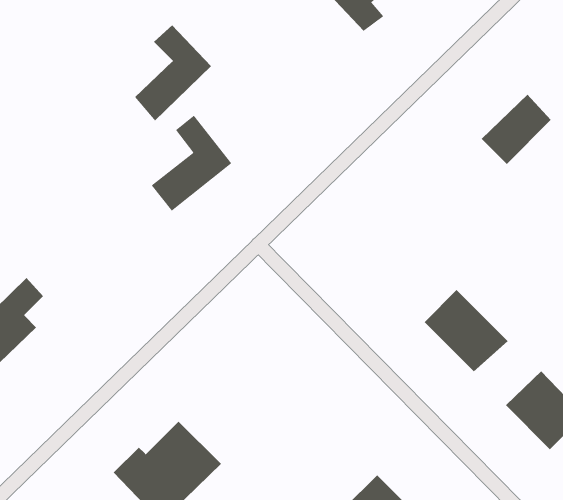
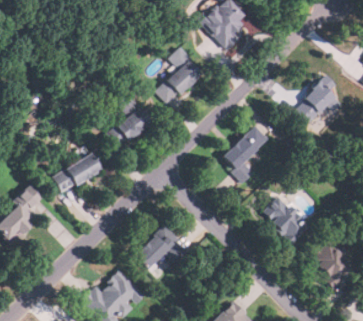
building: [134,25,212,121] -> [157,48,202,104]
building: none -> [221,125,268,181]
building: none -> [53,154,101,192]
building: none -> [134,225,189,270]

